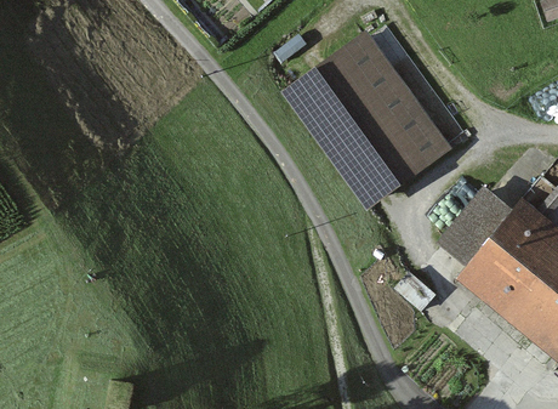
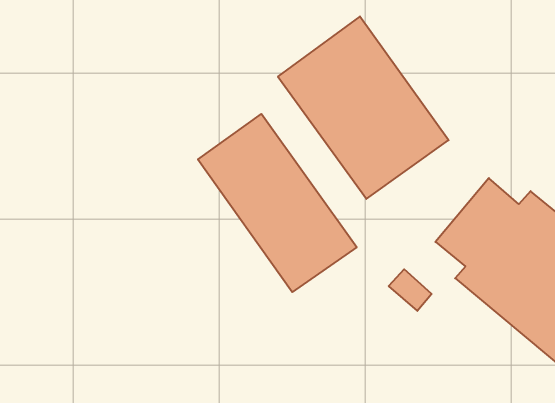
building: none -> [198,114,357,292]

